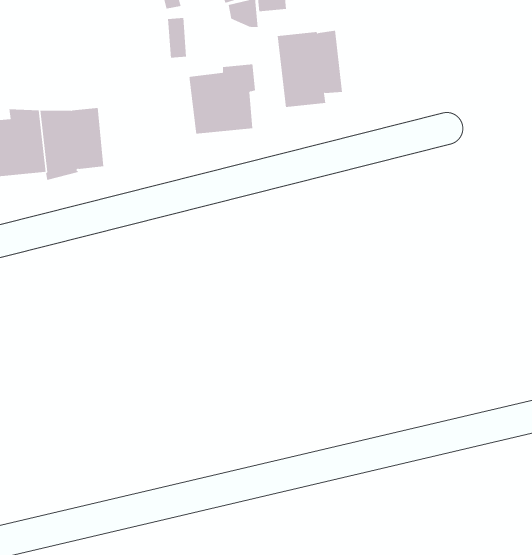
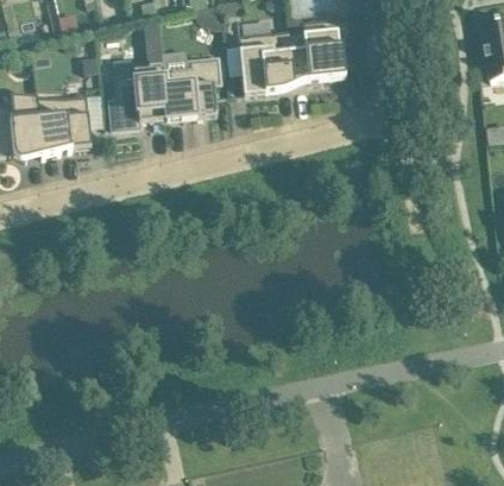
building: none -> [286,18,347,82]
building: none -> [111,67,168,128]

